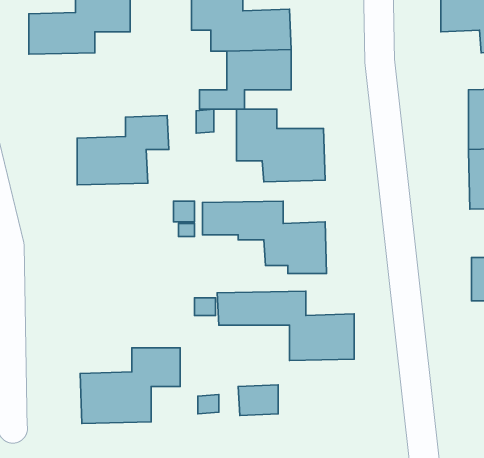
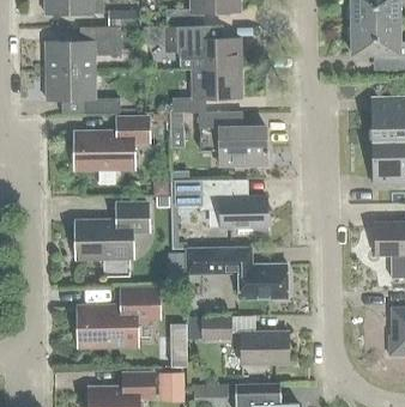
building: none -> [46,69,120,114]
building: none -> [83,204,149,256]
building: none -> [241,330,289,364]

